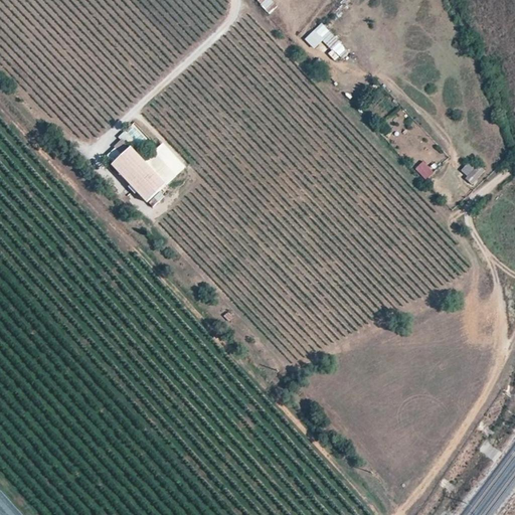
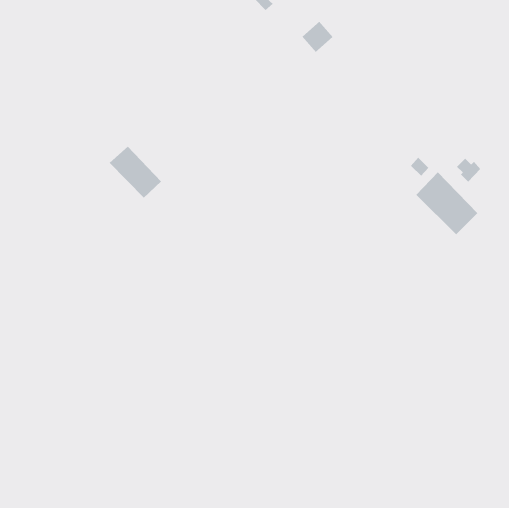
building: none -> [416,171,478,235]

